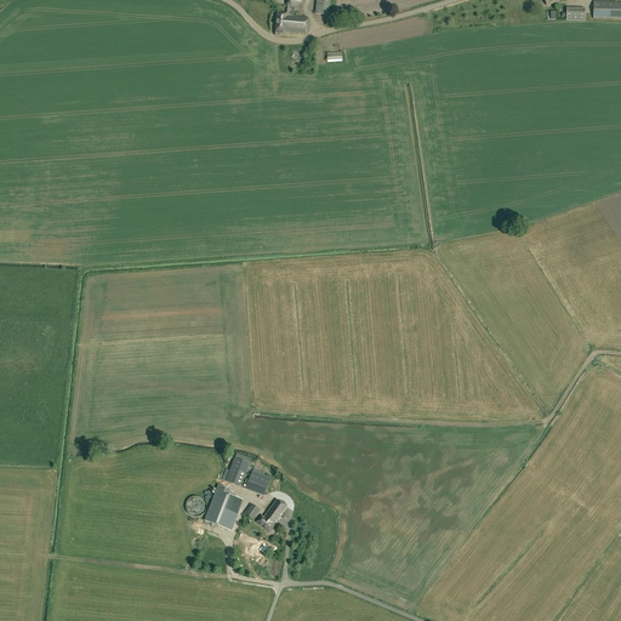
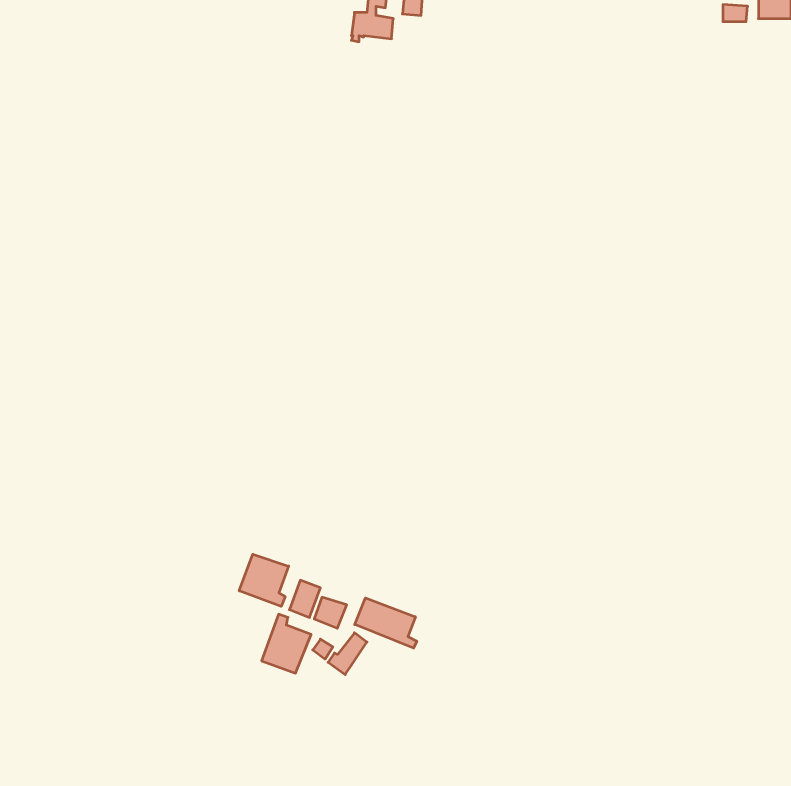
building: none -> [239,554,289,606]
building: none -> [355,598,417,648]

